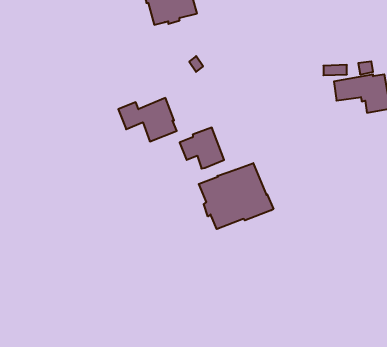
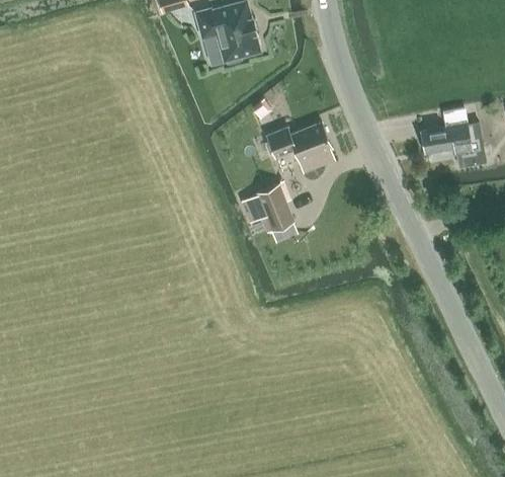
building: [118,98,177,141] -> [267,123,335,173]
building: [199,163,273,229] -> none

